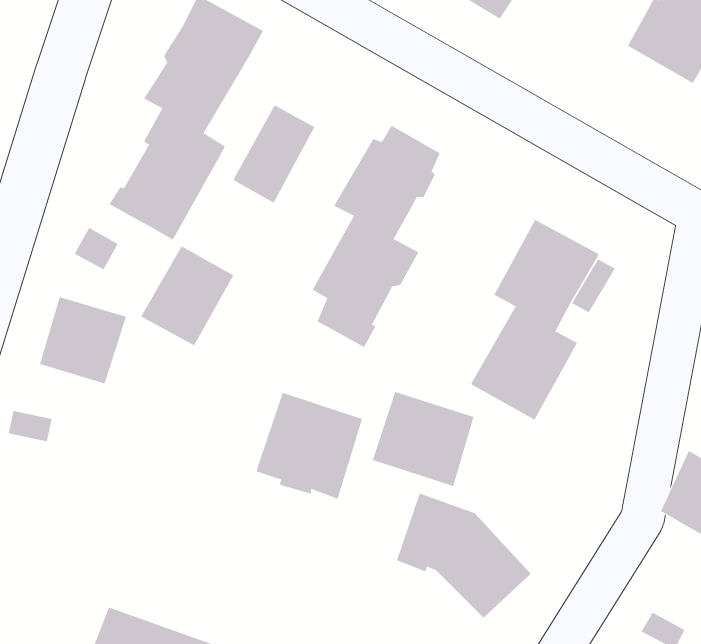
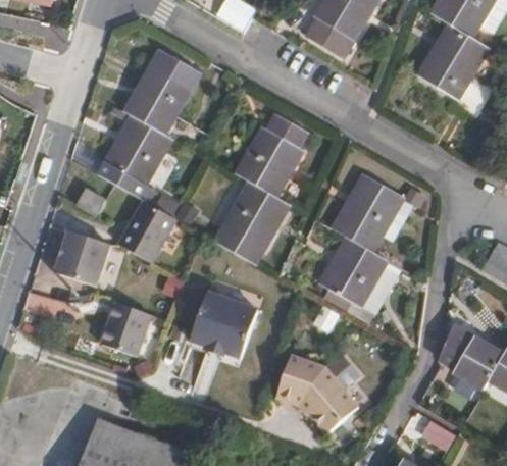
building: [233,105,315,204] -> none
building: [372,391,474,487] -> none
building: none -> [101,299,150,353]

